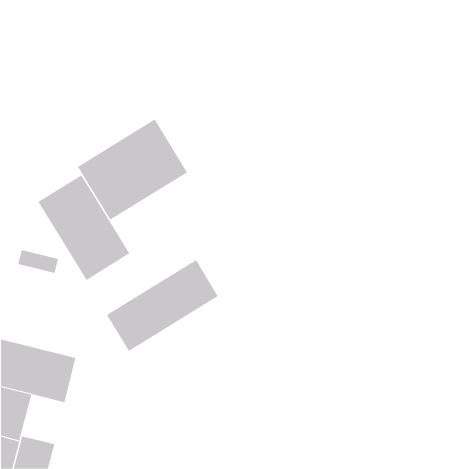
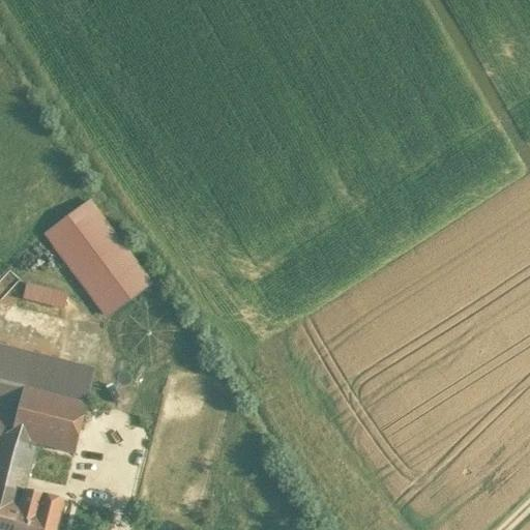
building: [77,118,188,221] -> none
building: [106,259,219,352] -> none

